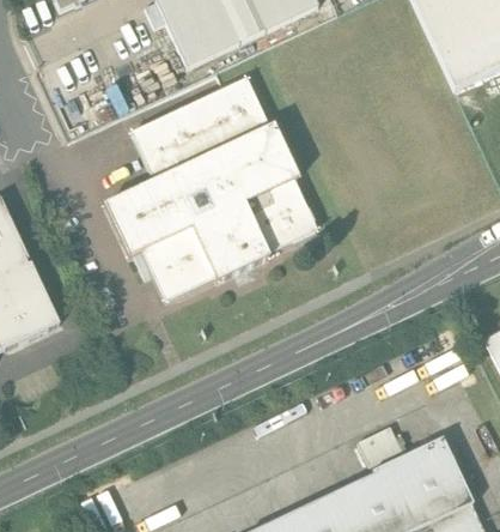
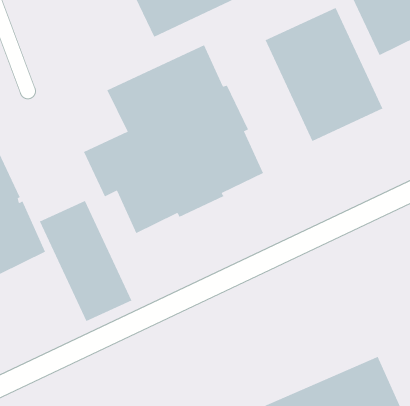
building: none -> [265,7,383,142]
building: none -> [39,200,132,322]

